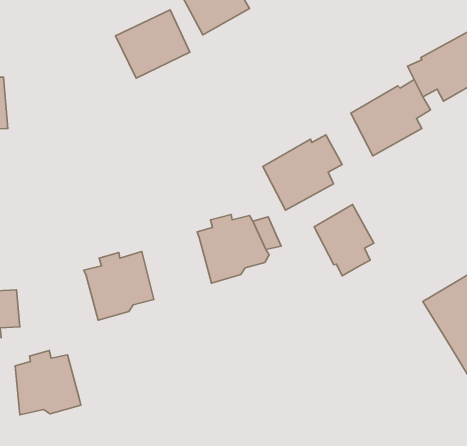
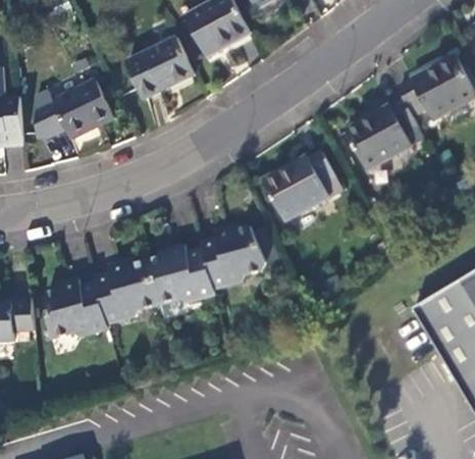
building: none -> [35,80,113,139]
building: [314,204,374,276] -> none
building: none -> [149,244,215,319]
building: [15,351,81,415] -> [48,278,109,339]

